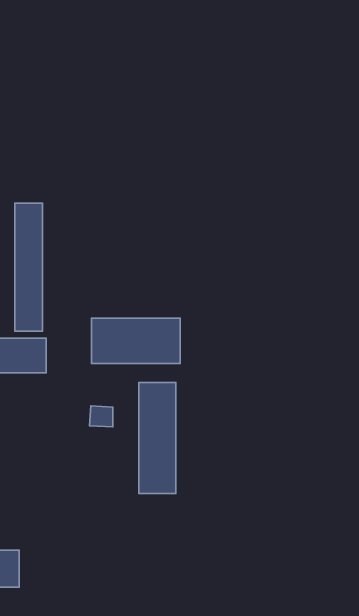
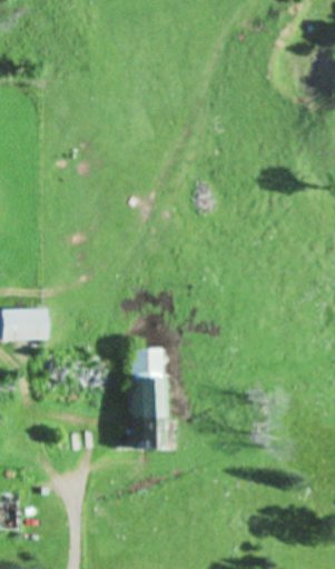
building: [15,203,43,331] -> none
building: [91,318,180,364] -> none

